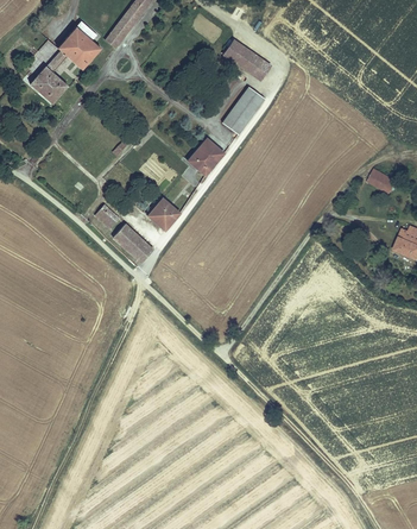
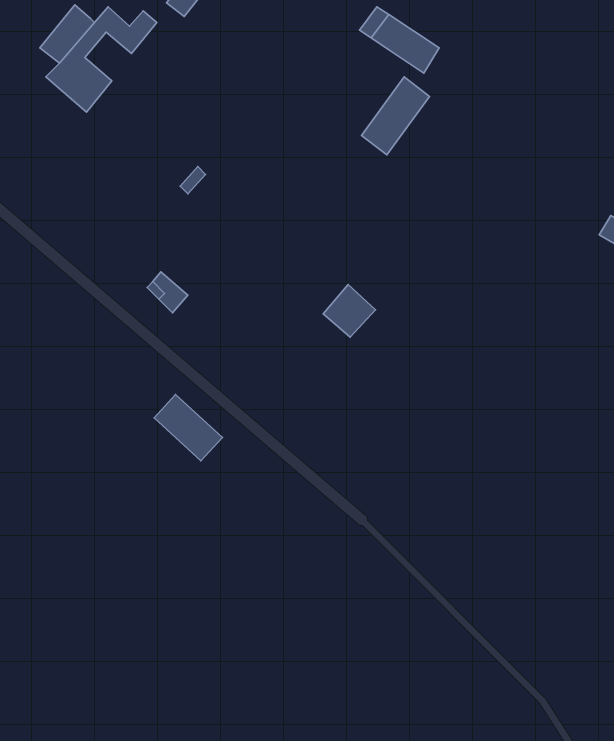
building: [188,137,225,175] -> none
building: [149,197,181,229] -> [323,285,376,337]
building: [110,222,152,263] -> [154,394,222,461]

